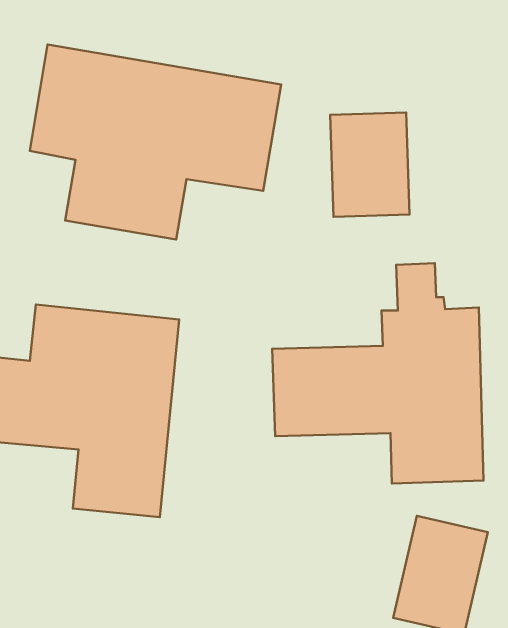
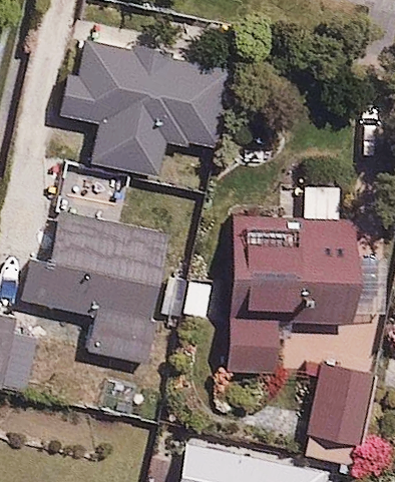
building: [330,113,410,217] -> none
building: none -> [221,320,286,371]

